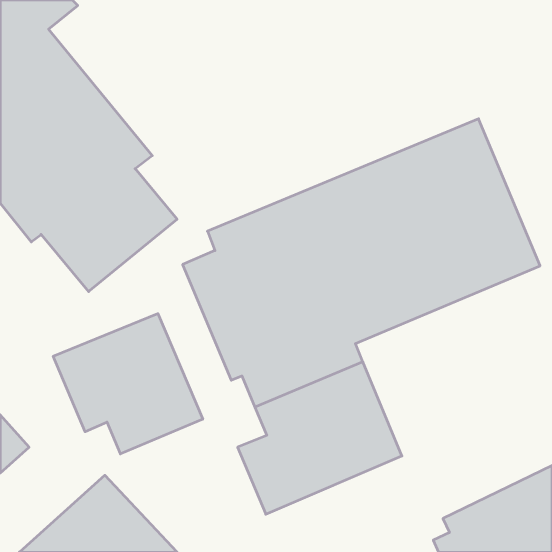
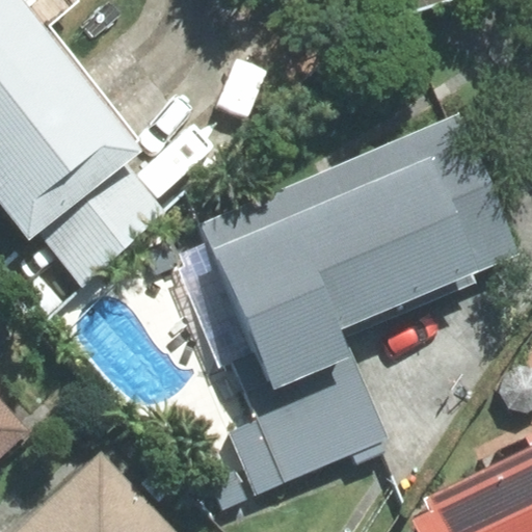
building: [53,314,203,454] -> none

